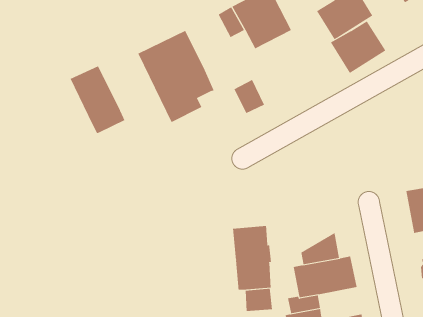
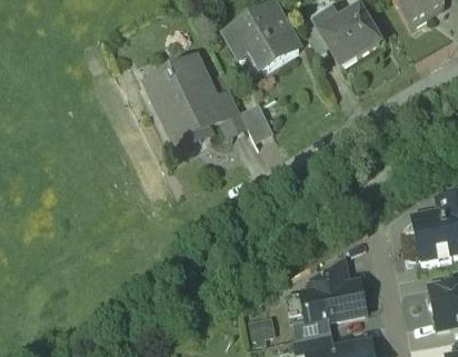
building: [330,21,386,74] -> none
building: none -> [213,88,246,131]
building: [70,65,125,134] -> none
building: [233,225,271,291] -> none

